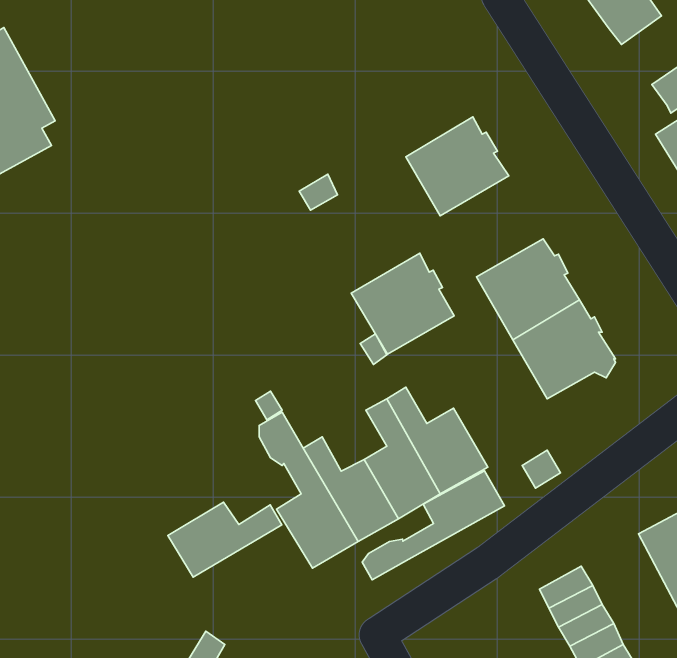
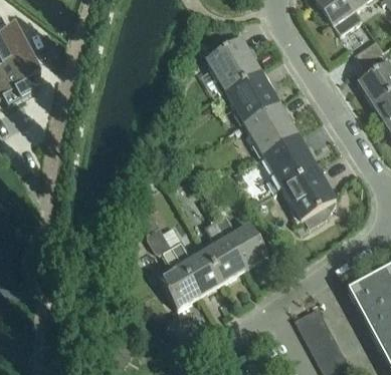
building: none -> [207,38,261,92]
building: [351,253,454,354] -> [244,102,299,155]
building: [362,471,504,580] -> none
building: [168,502,282,577] -> none

